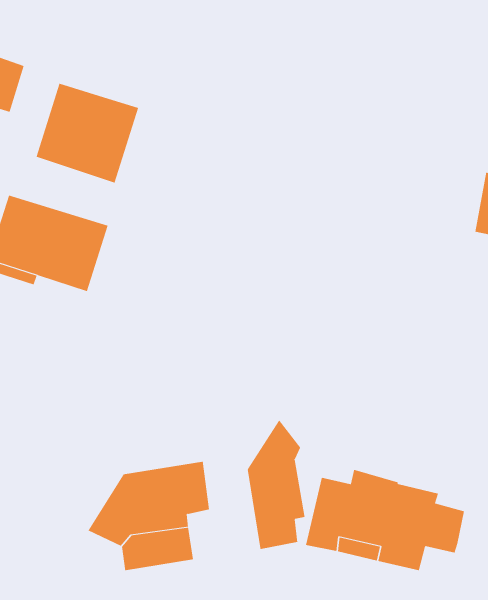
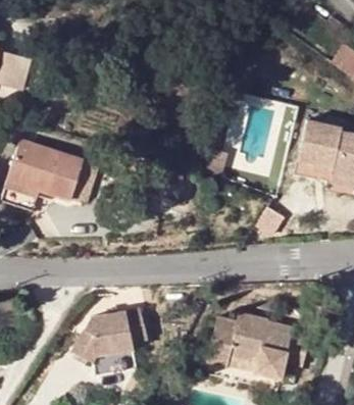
building: [36,83,139,183] -> none
building: [247,419,305,550] -> none

